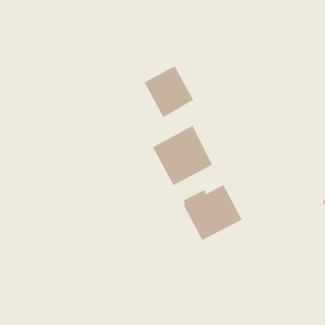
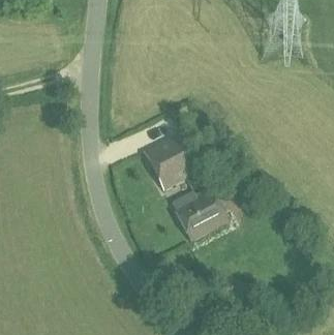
building: [144,66,194,118] -> none

